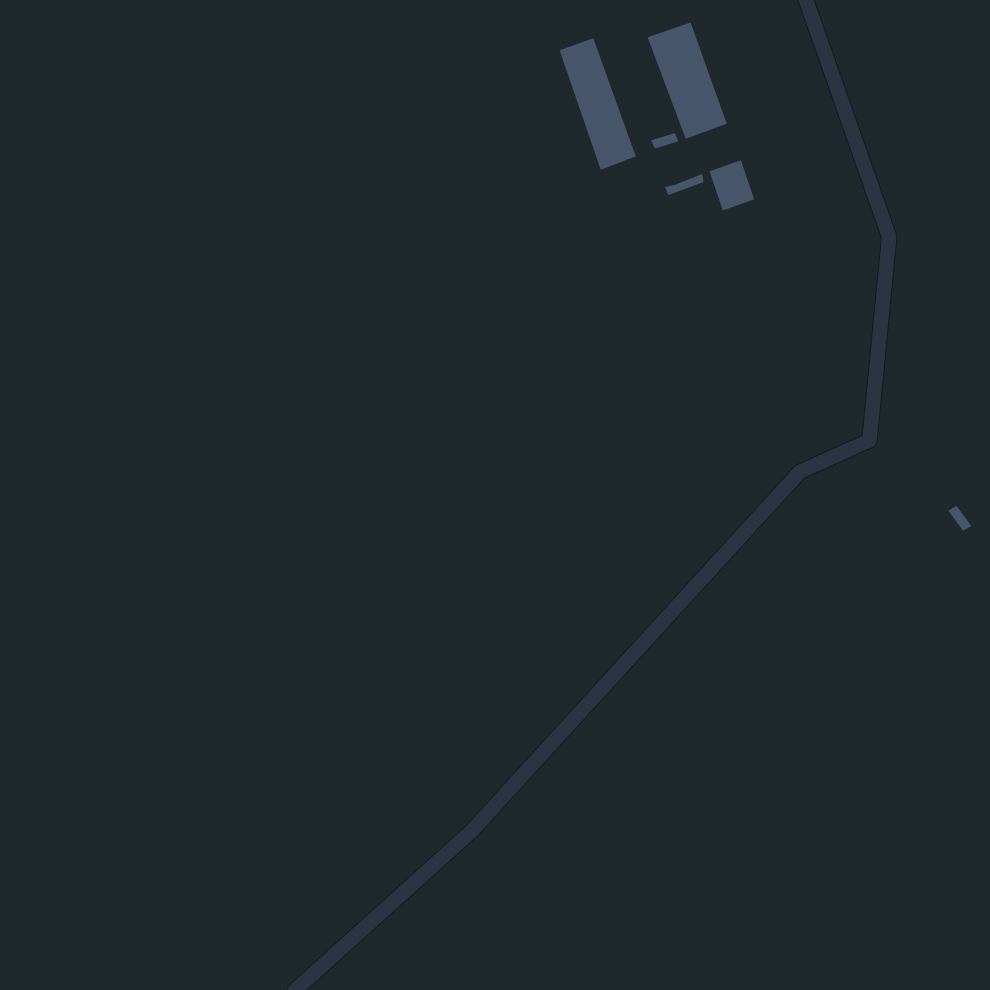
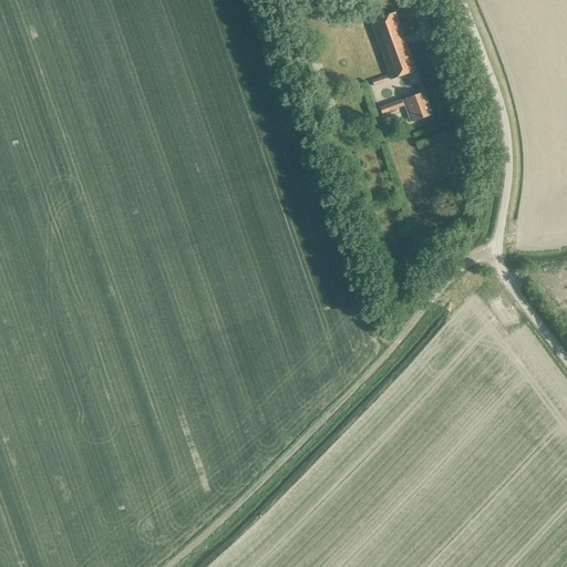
building: [558,37,637,171] -> none

